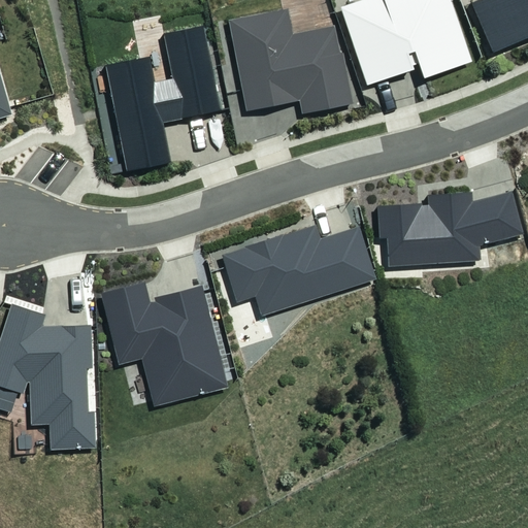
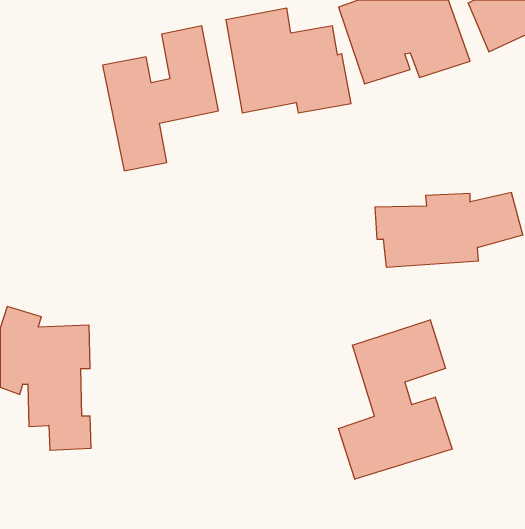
building: [222,225,376,315] -> none
building: [100,282,228,405] -> none
building: none -> [339,320,452,479]

